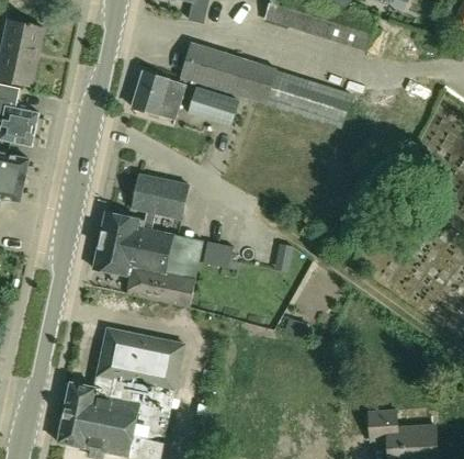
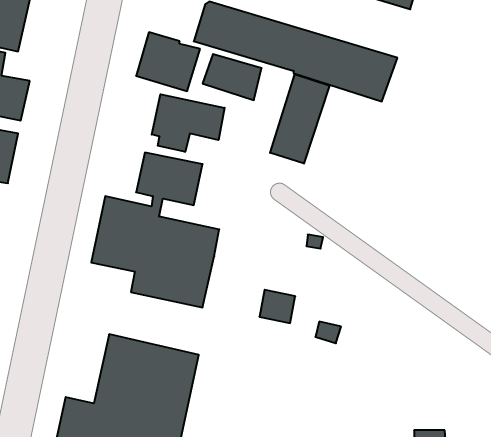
building: none -> [270,74,330,164]
building: none -> [152,94,225,152]
building: [201,239,231,268] -> [259,290,295,323]

